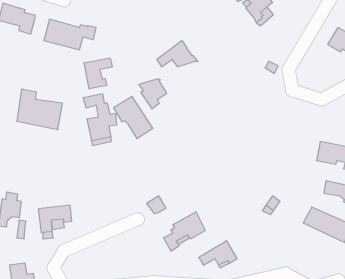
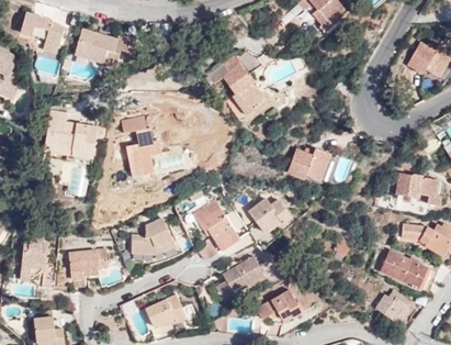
building: [84,58,112,89] -> none
building: [139,79,167,109] -> [230,79,263,114]
building: [114,96,153,139] -> [193,201,239,251]
building: none -> [287,147,331,179]
building: none -> [248,199,290,233]
building: none -> [131,219,173,253]
building: none -> [375,290,409,323]
building: none -> [145,296,185,326]

